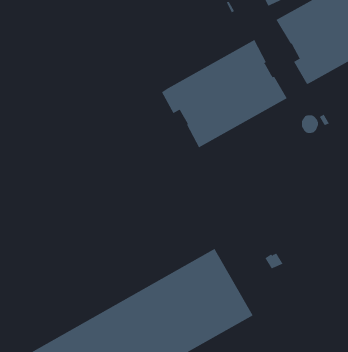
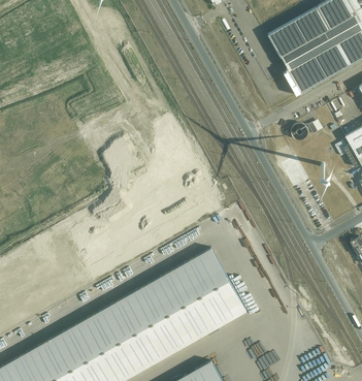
building: [161,39,287,148] -> none

